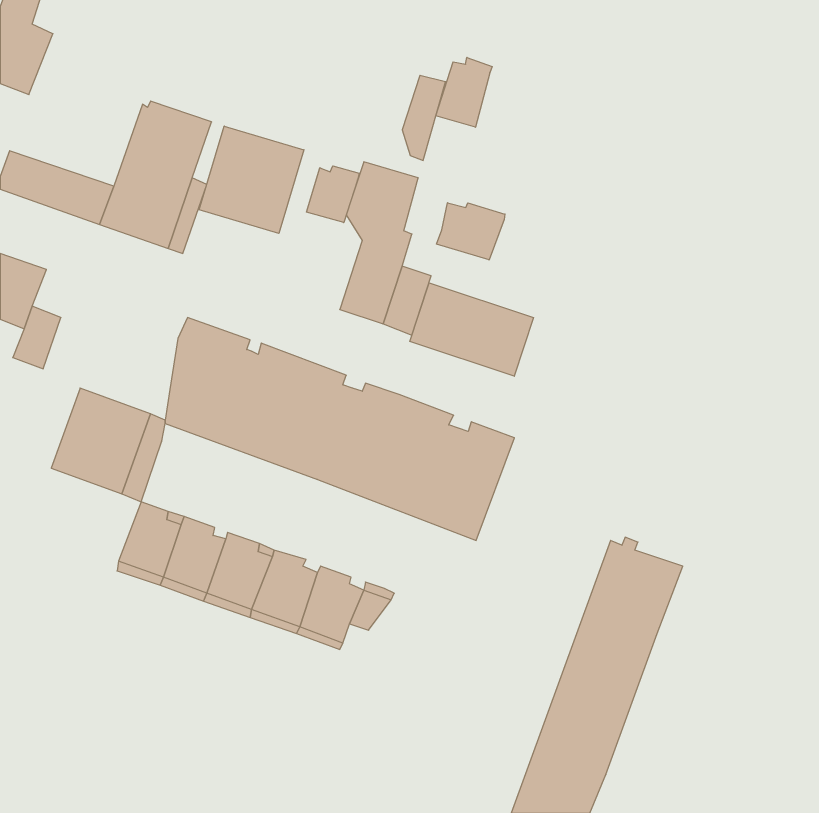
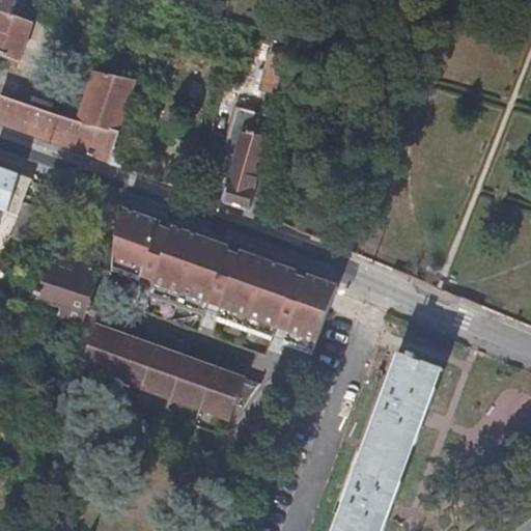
building: [436,57,492,127] -> none
building: [199,126,304,233] -> none
building: [307,166,359,223] -> none
building: [437,203,505,260] -> none
building: [410,283,533,376] -> none

